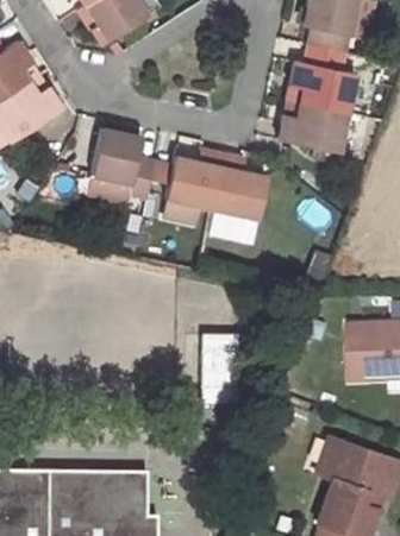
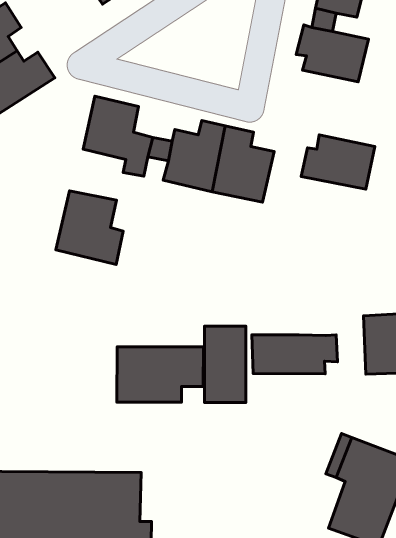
building: [277,101,345,151] -> [301,135,375,189]
building: none -> [56,191,123,264]
building: none -> [252,335,338,374]
building: none -> [117,347,203,402]

